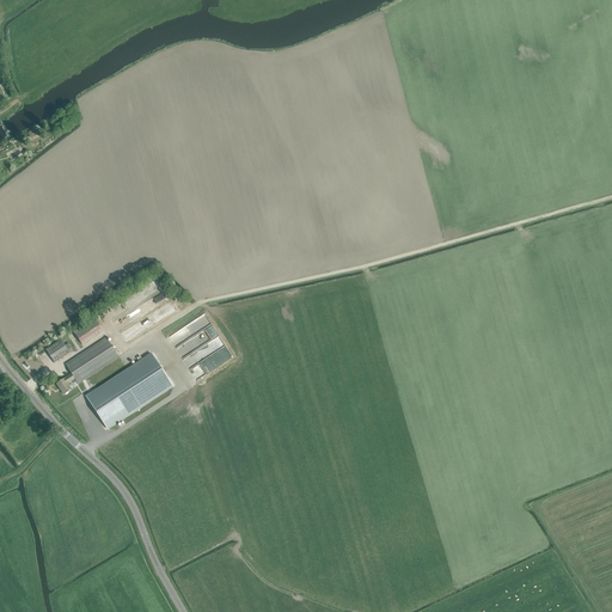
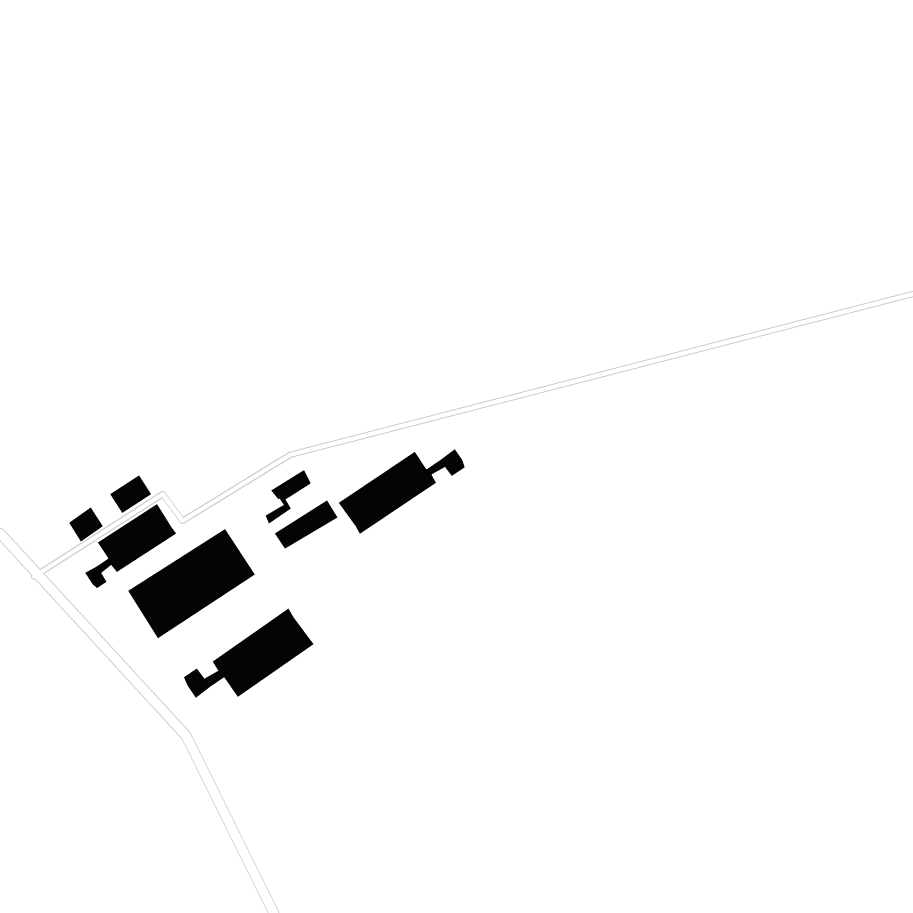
building: none -> [338,448,466,535]
building: none -> [183,608,314,699]

